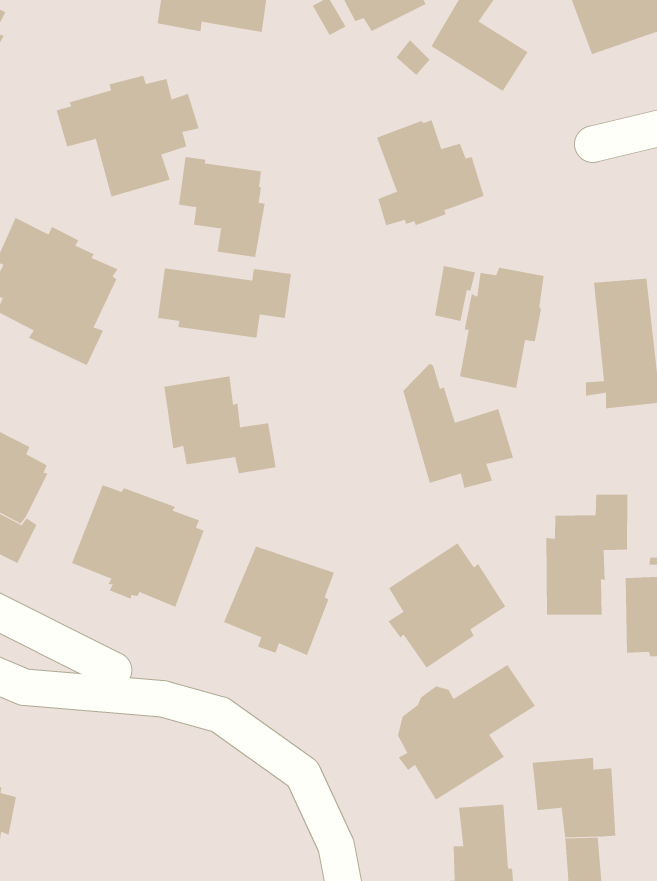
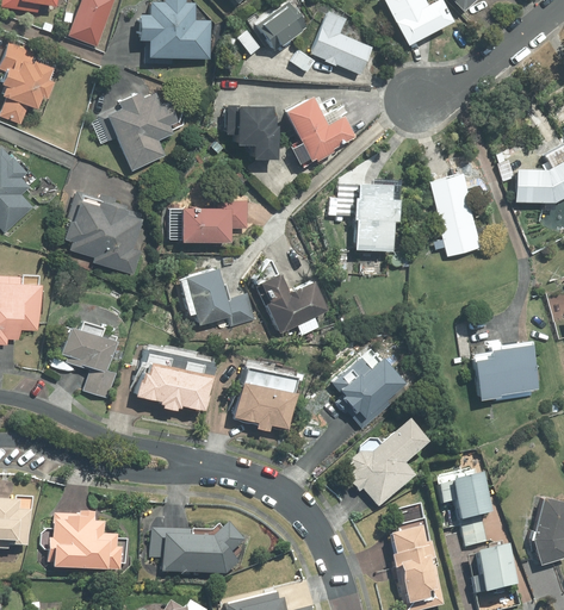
building: [178,156,265,257] -> [228,105,280,160]
building: [403,363,514,489] -> [256,261,329,334]
building: [546,494,628,615] -> none
building: none -> [150,523,243,572]

